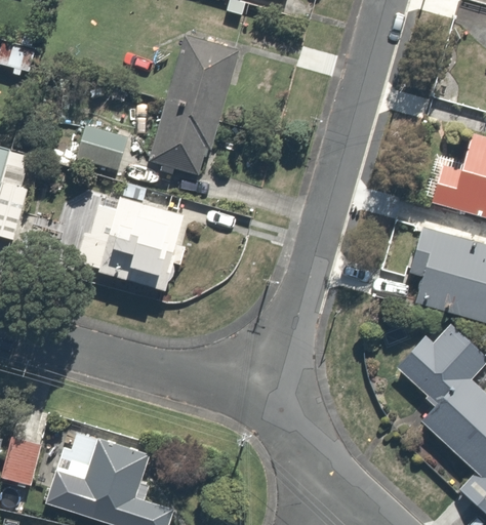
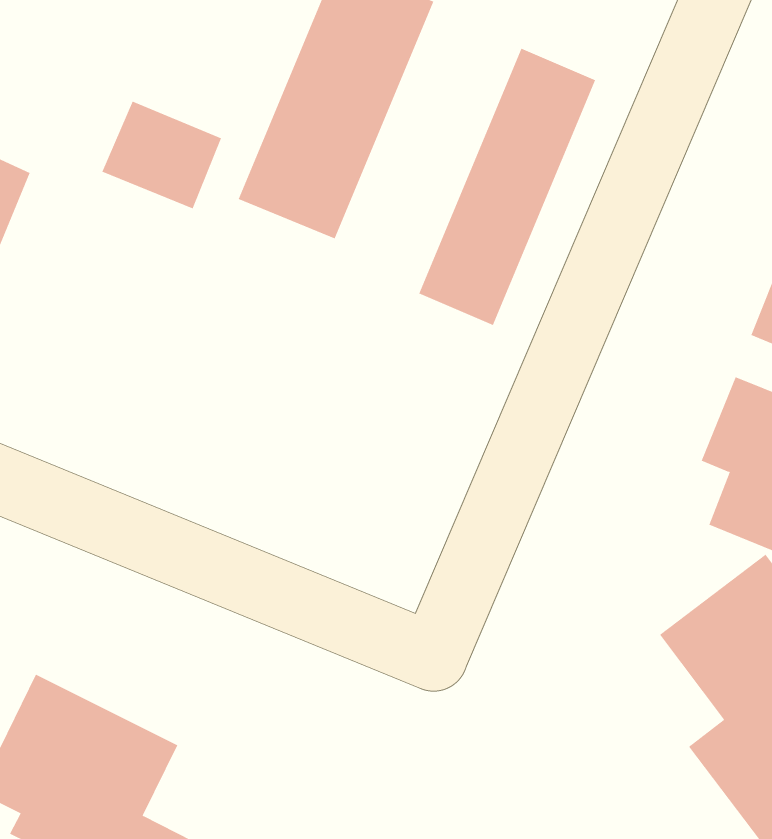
building: none -> [418,48,596,326]
building: [74,198,185,290] -> none

